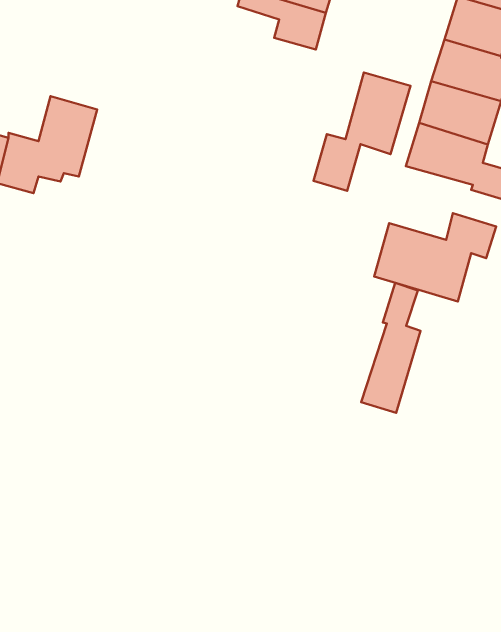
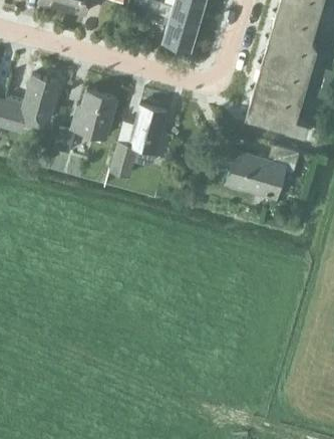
building: [314,72,410,191] -> [110,104,169,176]
building: none -> [55,90,117,154]
building: [361,283,421,413] -> none

